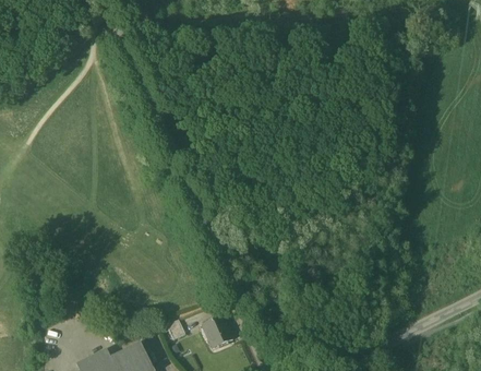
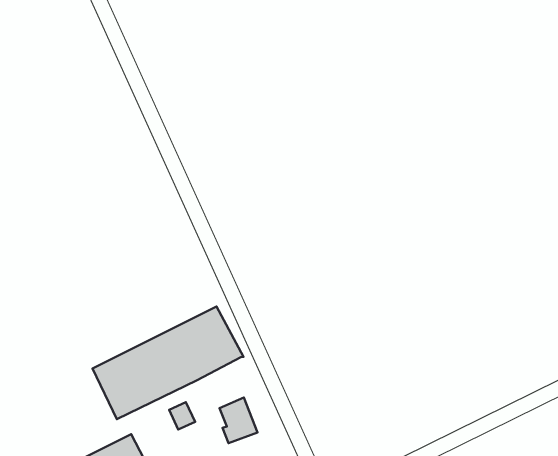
building: none -> [93,306,244,419]

